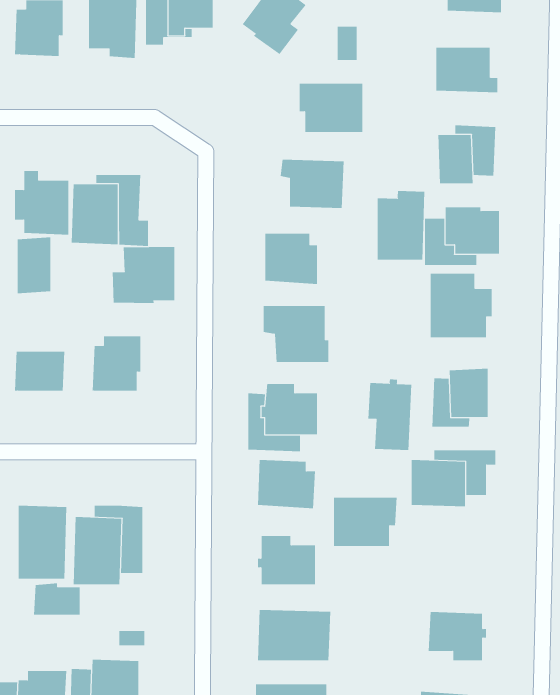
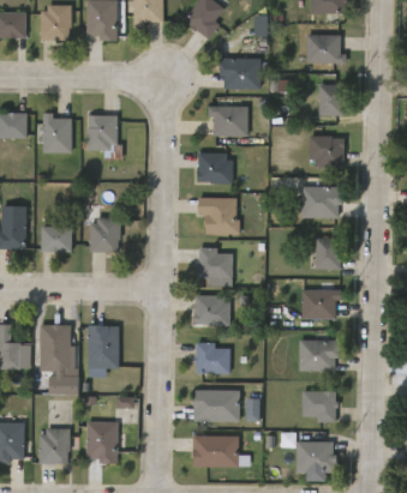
building: [377,190,425,260] -> none
building: [17,237,51,294] -> none
building: [112,246,175,304] -> none
building: [368,379,412,451] -> none
building: [333,497,398,547] -> [299,339,340,371]

